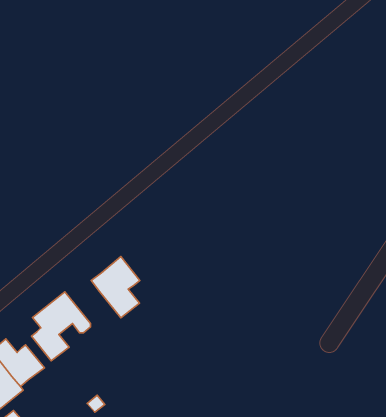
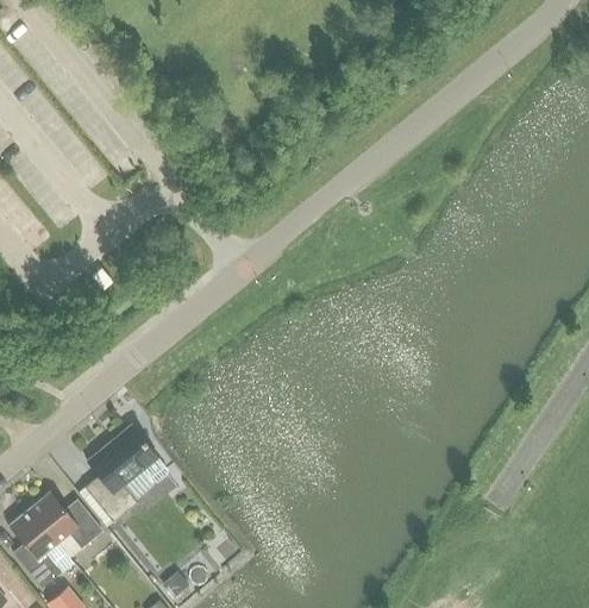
building: [91,257,140,318] -> none

